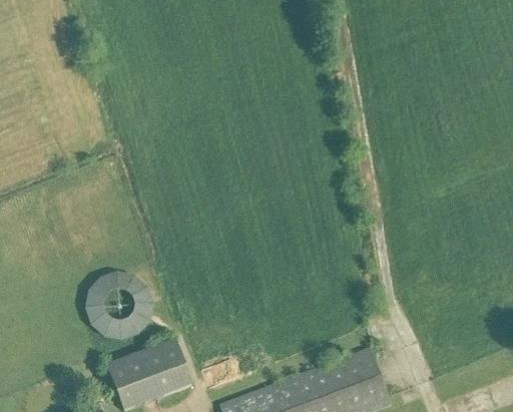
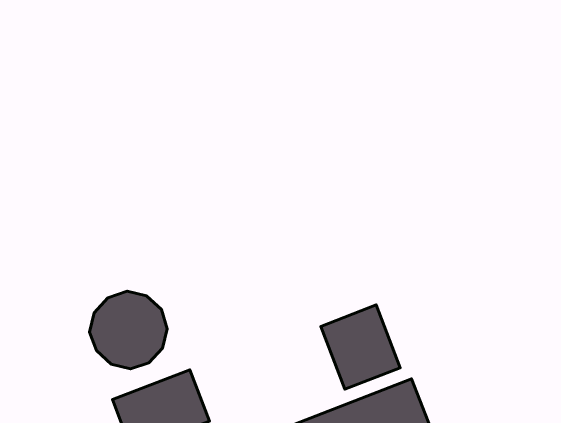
building: none -> [321,305,400,389]

